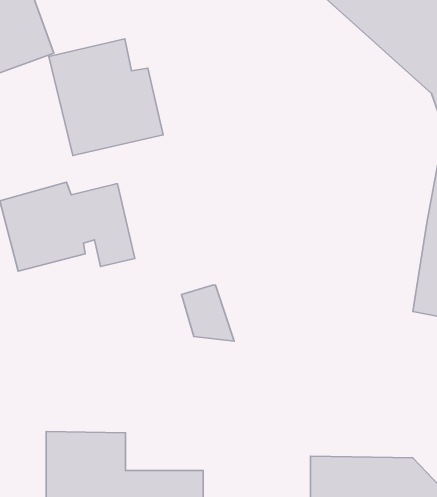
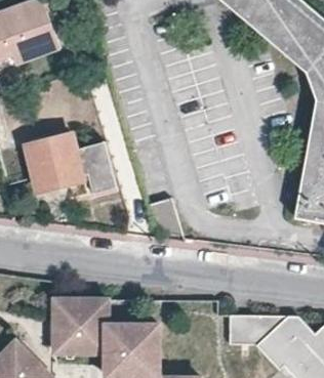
building: [49,39,163,155] -> none

